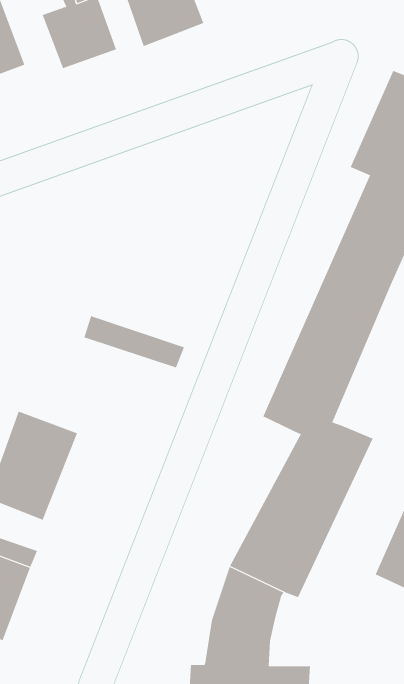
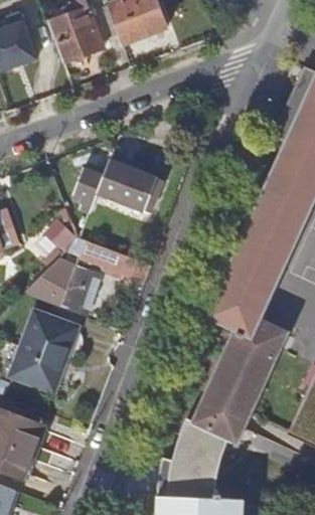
building: none -> [80,154,169,215]
building: none -> [39,215,77,255]
building: none -> [41,267,102,317]

